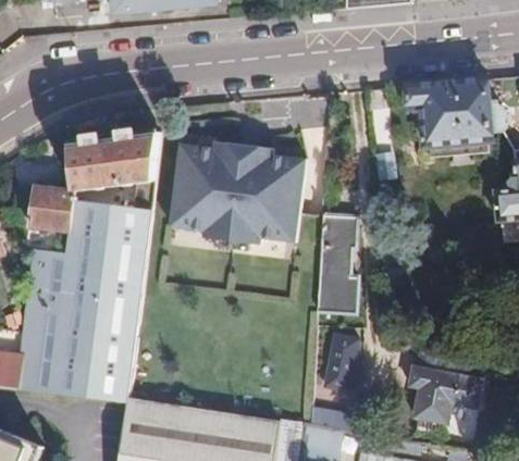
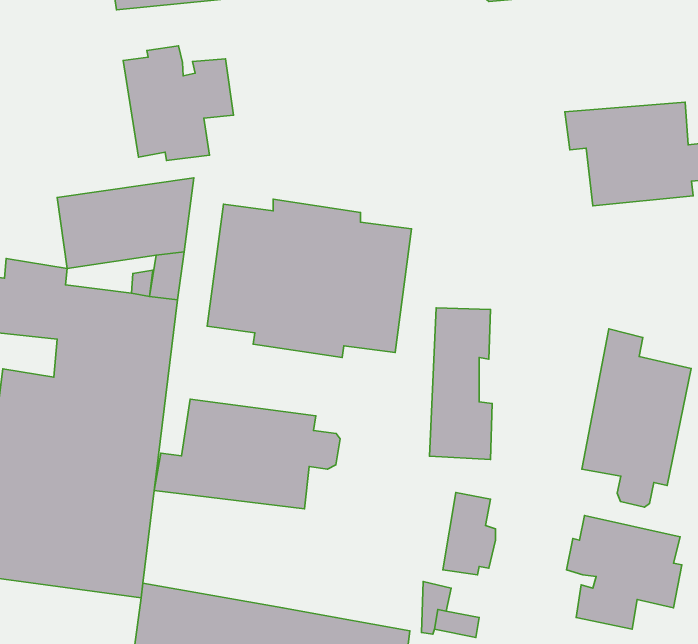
building: none -> [123,46,234,161]
building: none -> [582,329,691,507]
building: none -> [154,399,340,509]

